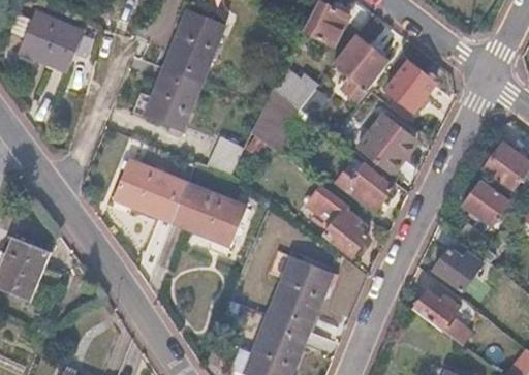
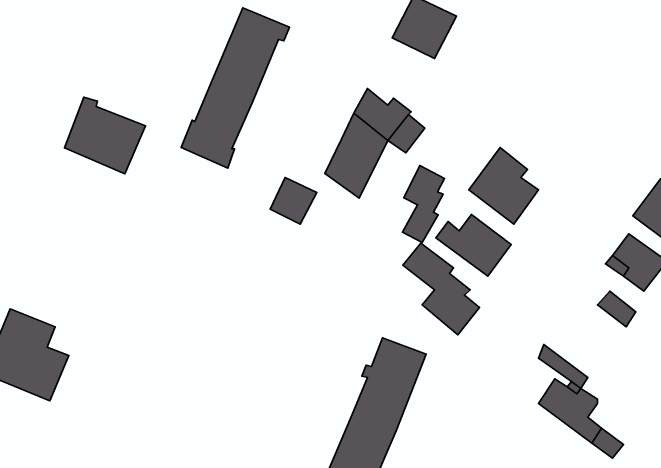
building: [20,10,81,68] -> [65,97,145,174]
building: [333,35,388,90] -> none
building: [385,60,435,119] -> none
building: none -> [402,165,444,242]
building: [113,158,245,241] -> none
building: [433,244,483,288] -> none

